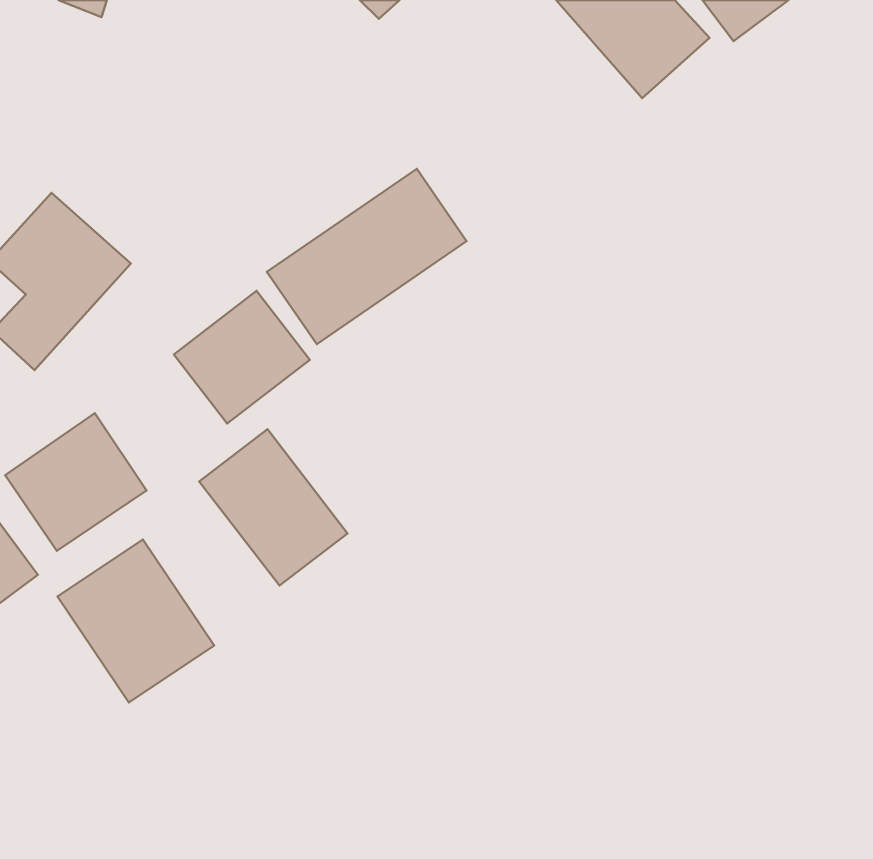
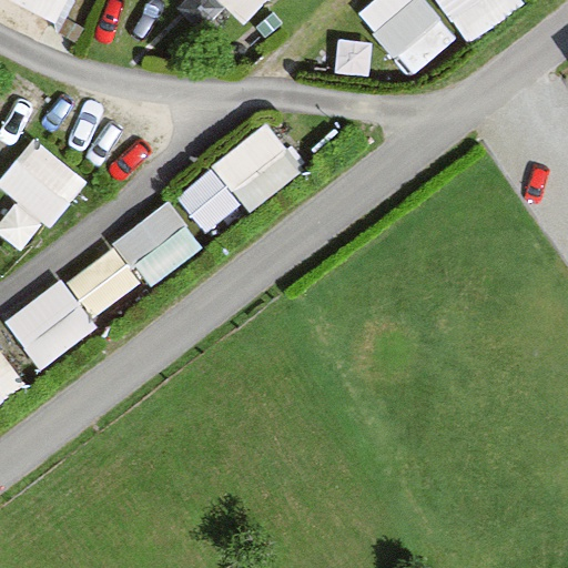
building: [199,429,348,586] -> none
building: [57,539,214,703] -> none

